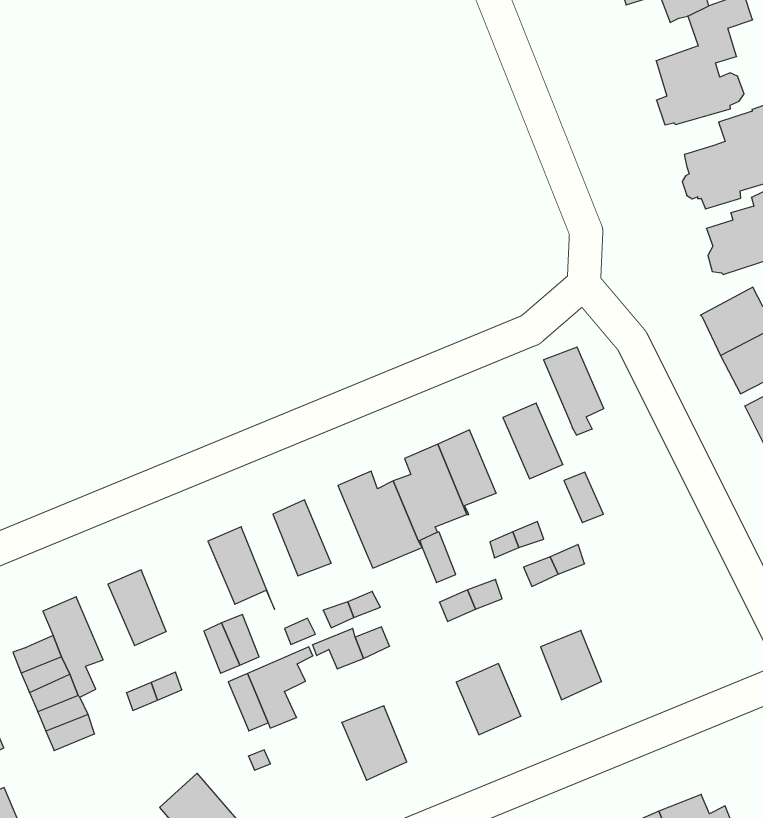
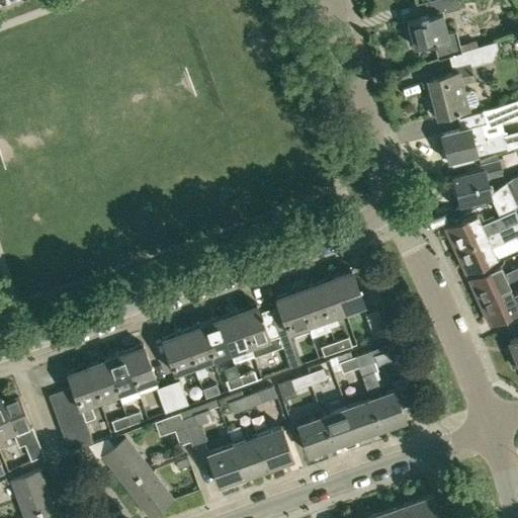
building: [544,347,604,435] -> [313,279,345,329]
building: none -> [218,313,250,363]
building: none -> [181,327,211,380]
building: none -> [123,347,155,390]
building: none -> [361,373,410,431]
building: none -> [86,361,117,404]
building: none -> [322,410,356,448]
building: none -> [256,429,293,470]
building: none -> [102,440,149,489]
building: none -> [207,446,244,489]

